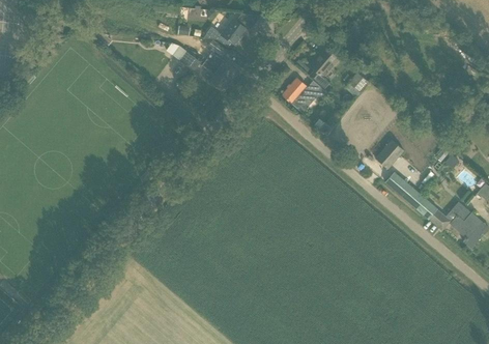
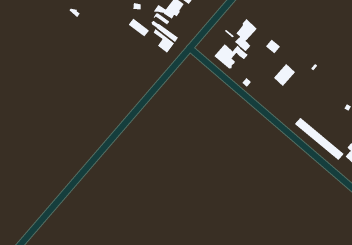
building: [374,138,403,168] -> [273,63,296,87]

